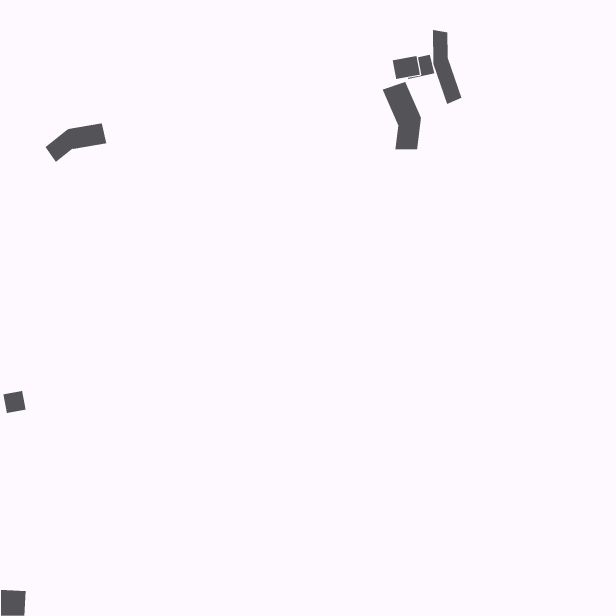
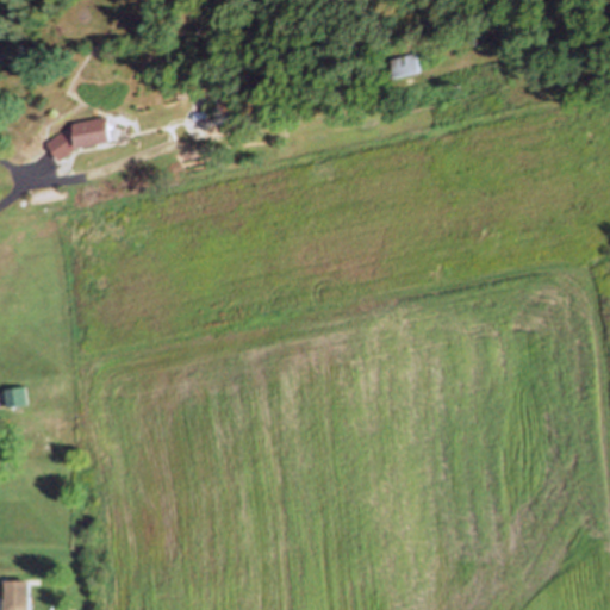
building: [432,29,462,105] -> none
building: [382,81,421,150] -> none

